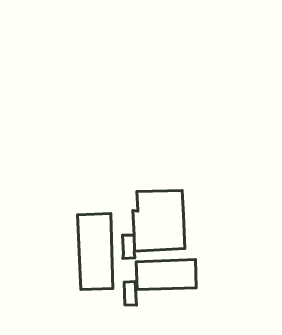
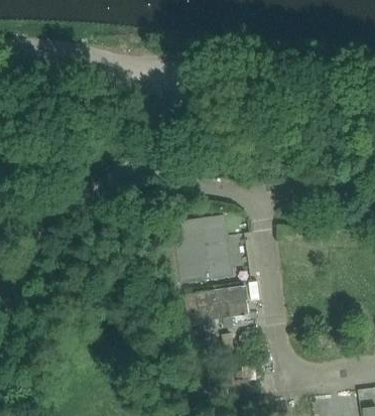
building: [78,213,113,290] -> none

